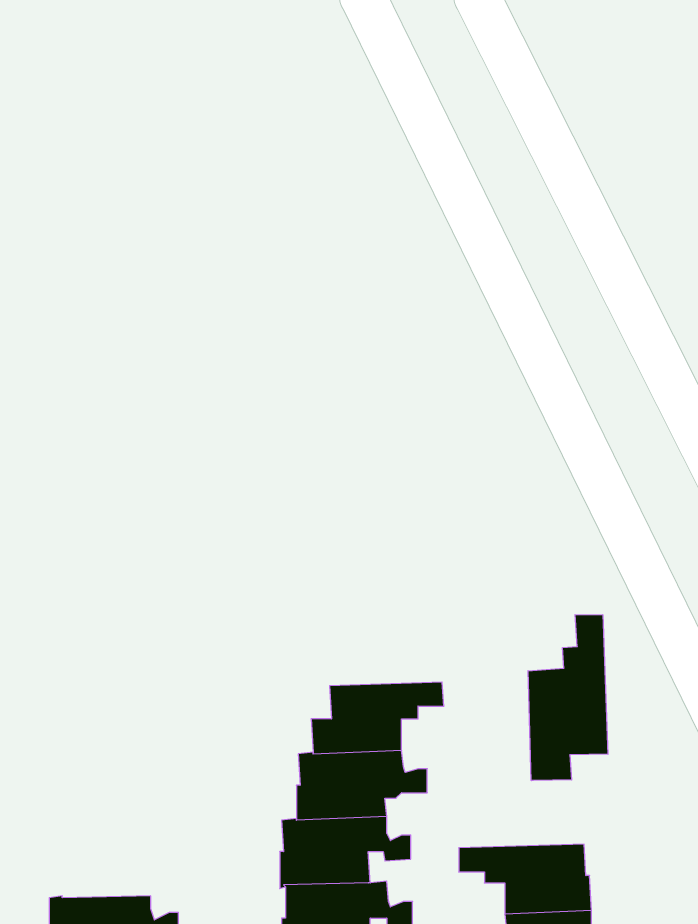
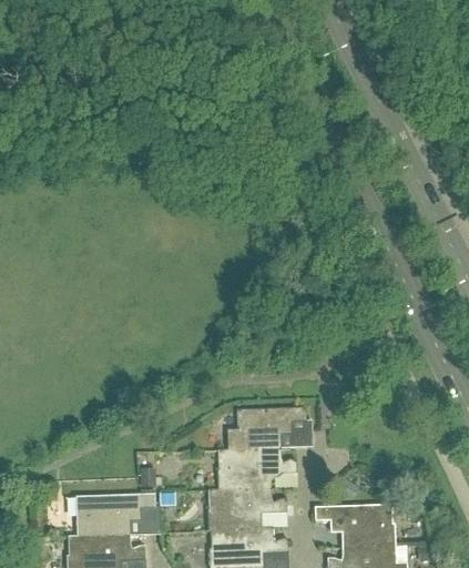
building: [528,615,608,781] -> none
building: none -> [75,499,155,542]

